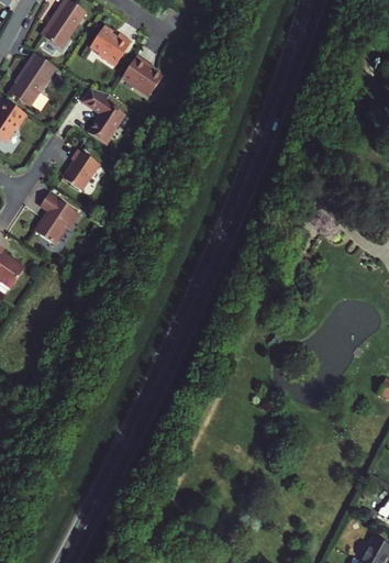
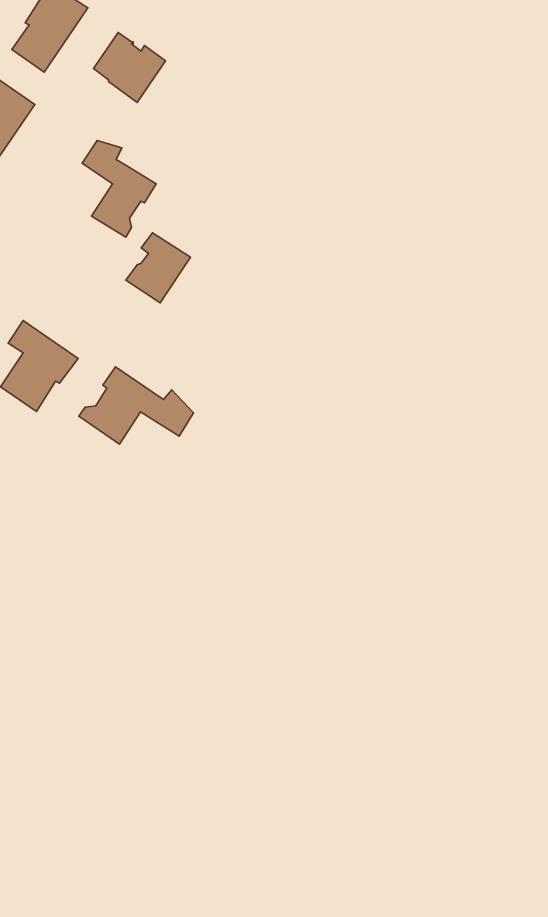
building: [121,55,163,97] -> none
building: [63,150,100,190] -> [126,233,190,303]
building: none -> [79,367,194,444]

